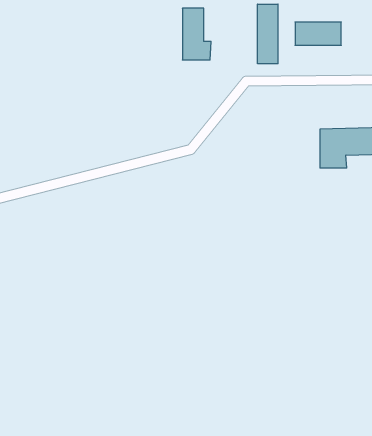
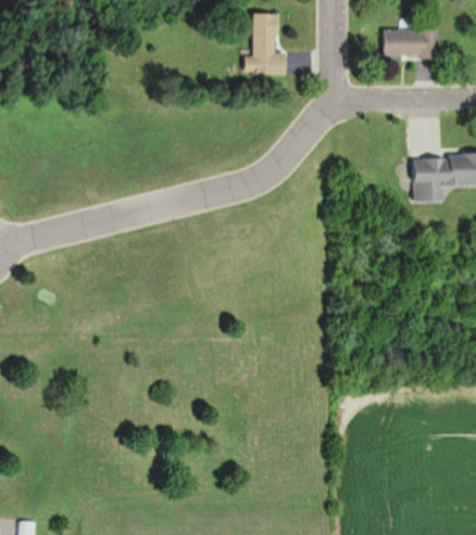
building: [258,4,278,64] -> none

